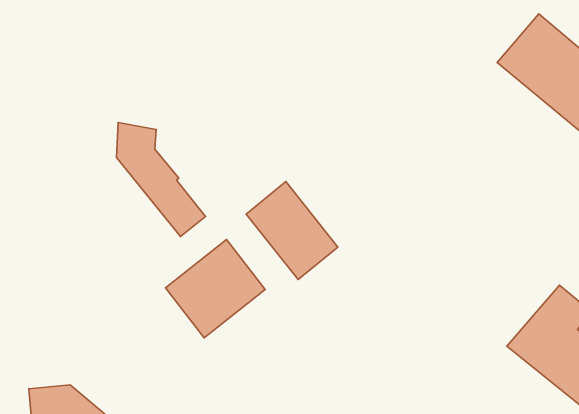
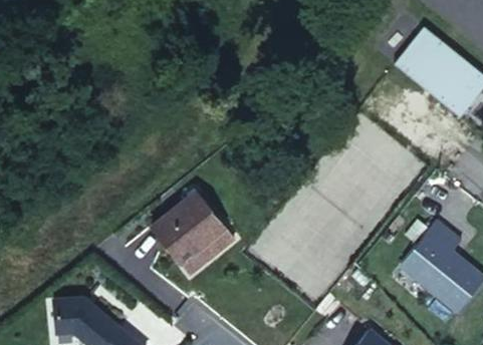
building: [117,123,205,236] -> none
building: [246,182,338,280] -> none

